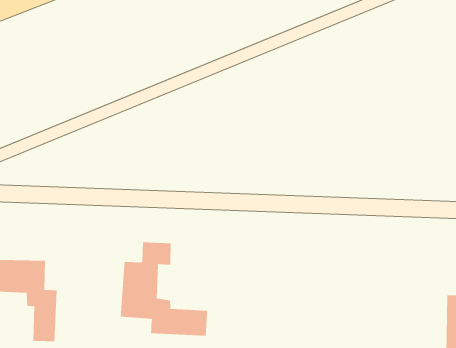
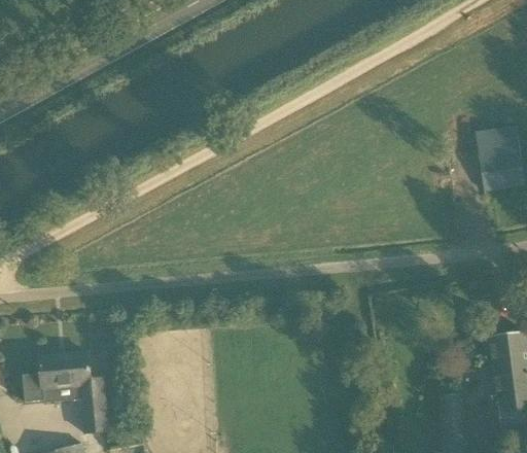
building: [120,242,208,336] -> none

